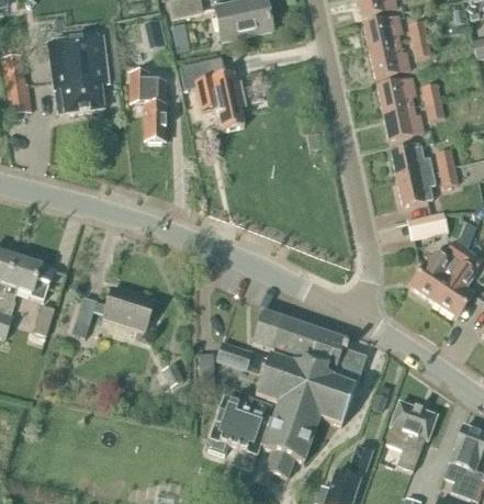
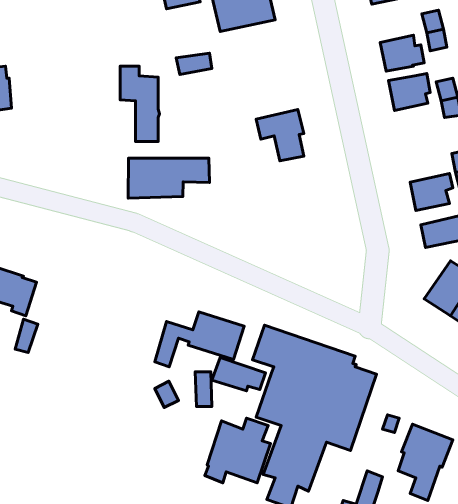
building: [364,15,403,49] -> none
building: [49,35,109,113] -> none
building: [201,81,245,128] -> [256,109,304,161]
building: [383,105,424,138] -> none
building: [392,145,434,178] -> none
building: none -> [128,158,210,198]
building: [72,287,155,337] -> [155,312,244,367]

